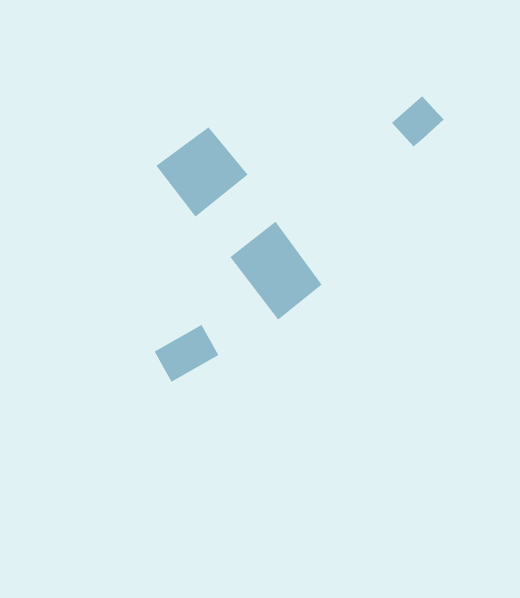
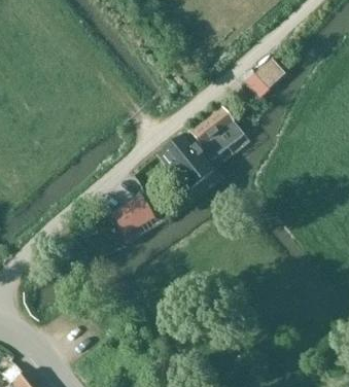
building: [155,126,248,218] -> [188,109,244,164]

